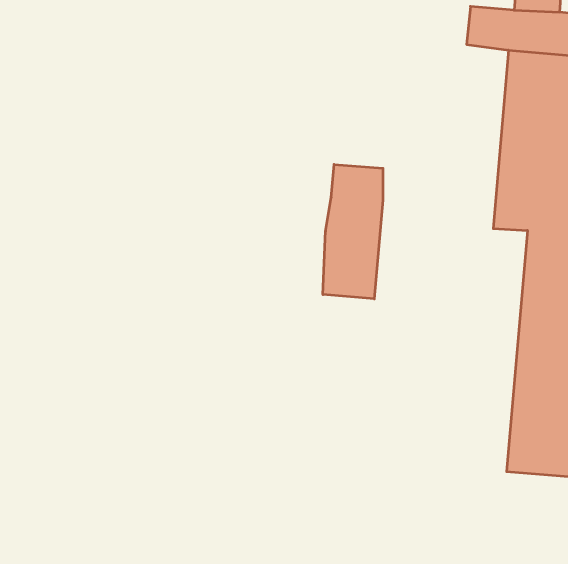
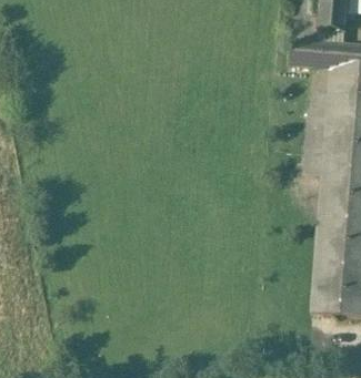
building: [323,164,383,299] -> none

